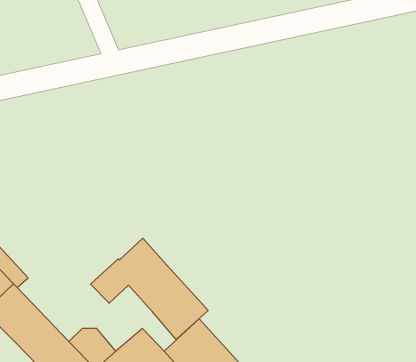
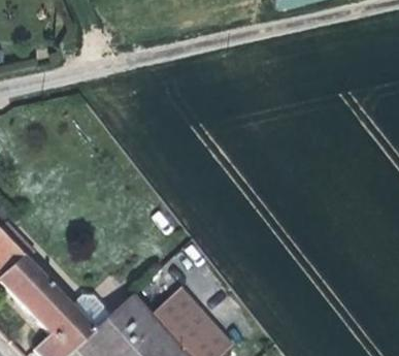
building: [90,238,208,339] -> none

